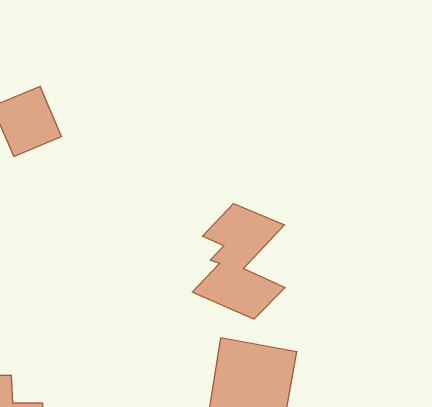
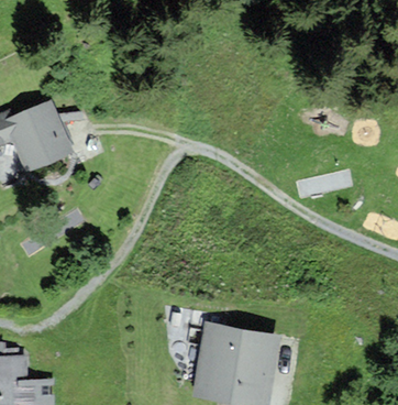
building: [192,204,285,319] -> none

